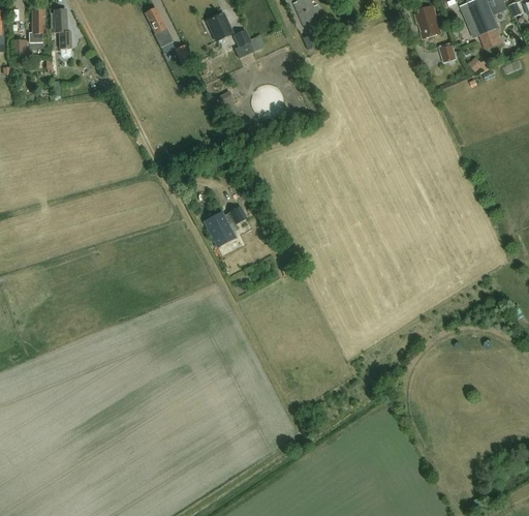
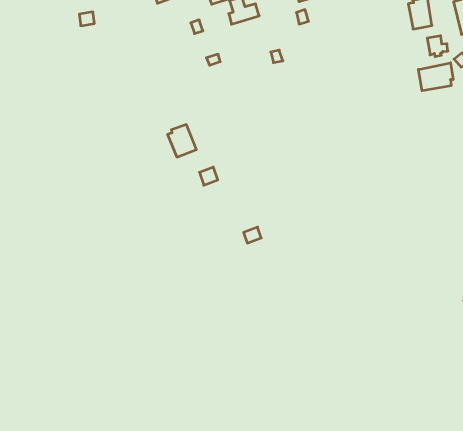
building: none -> [418,63,453,91]
building: [203,208,234,242] -> [168,125,196,157]

